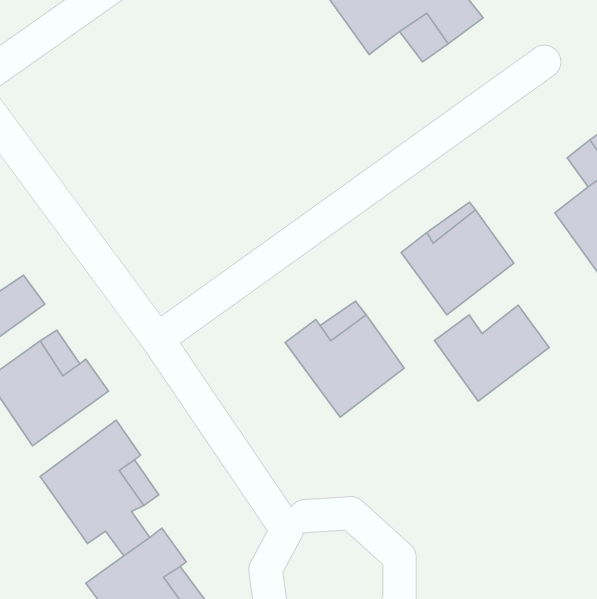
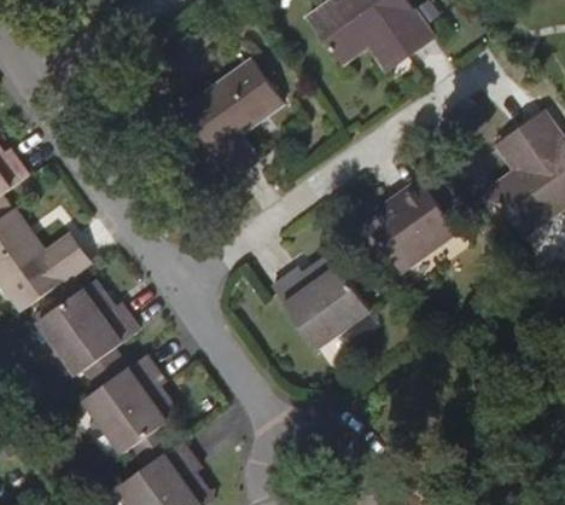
building: none -> [182,60,282,178]
building: [434,305,549,401] -> none

